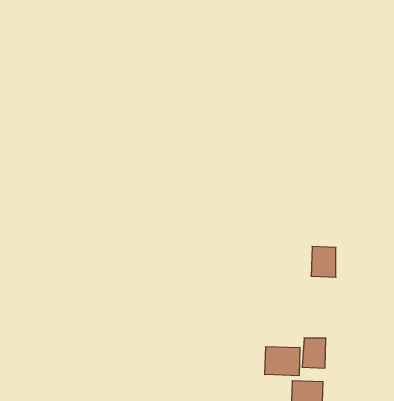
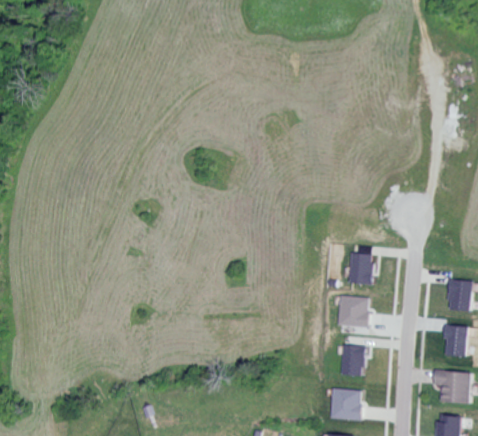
building: none -> [336,296,370,328]
building: [265,347,300,376] -> none

